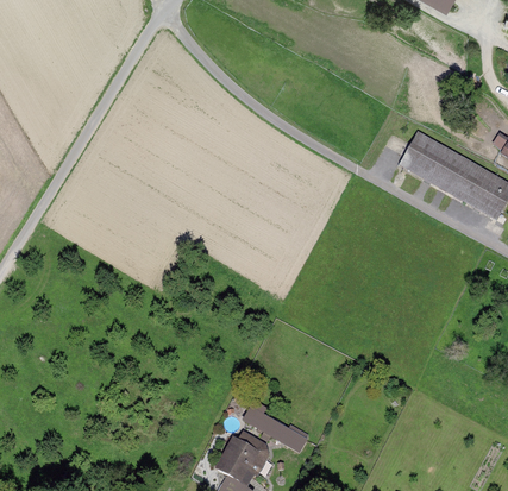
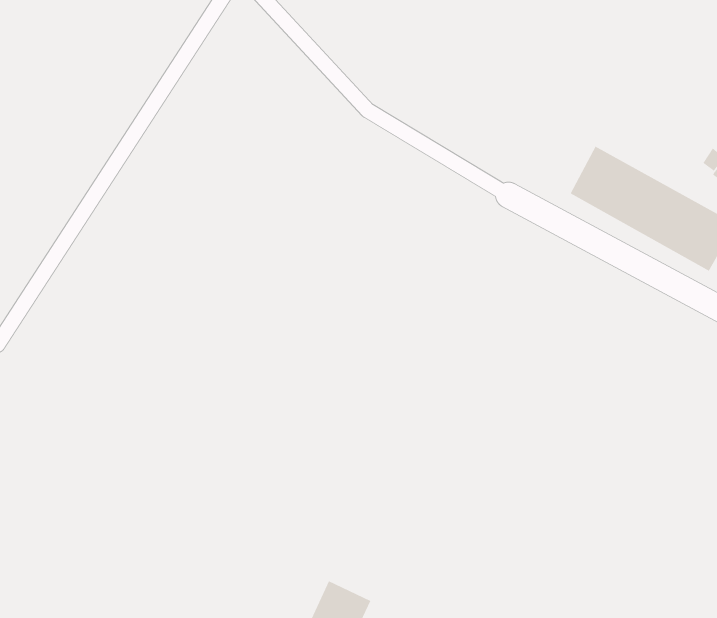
building: [244,408,309,457] -> none

